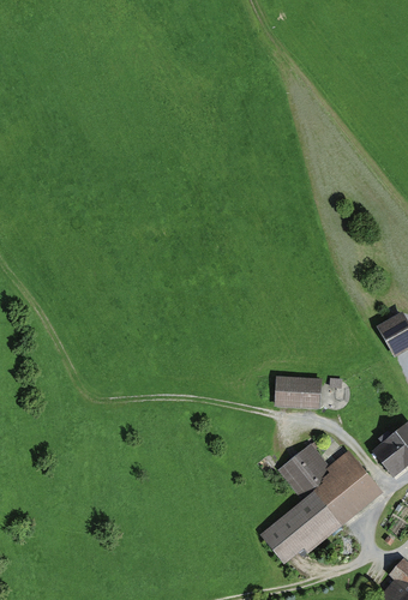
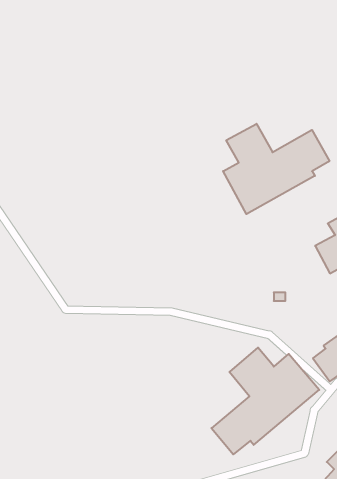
building: none -> [223,124,329,214]
building: [274,378,322,412] -> none

